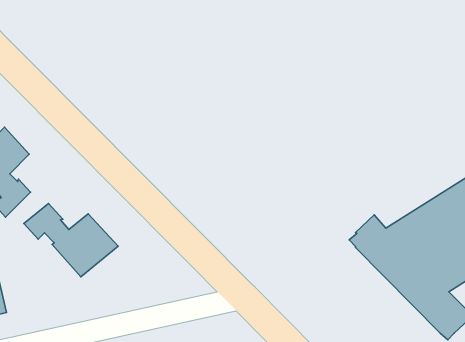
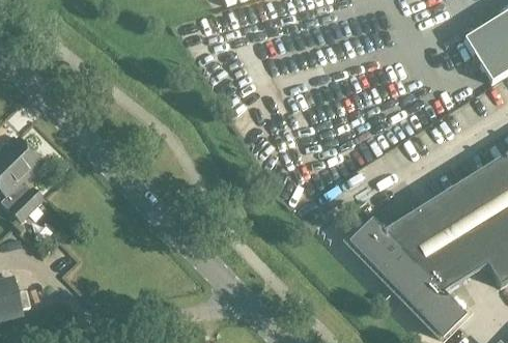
building: [24,204,118,277] -> none

